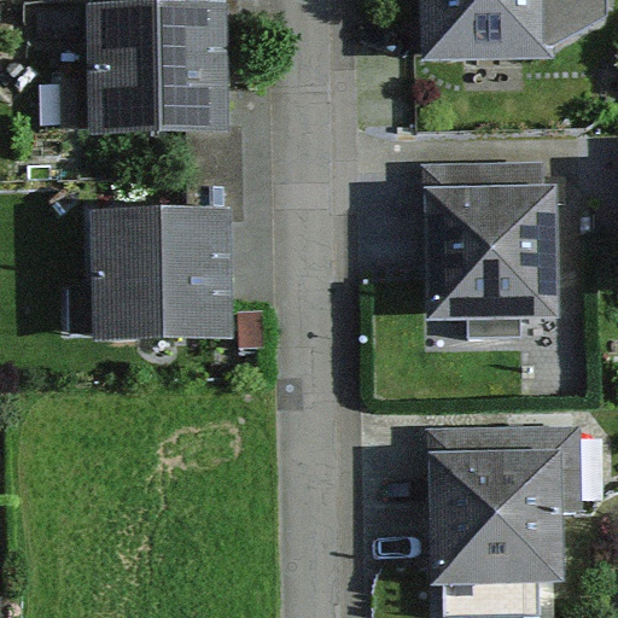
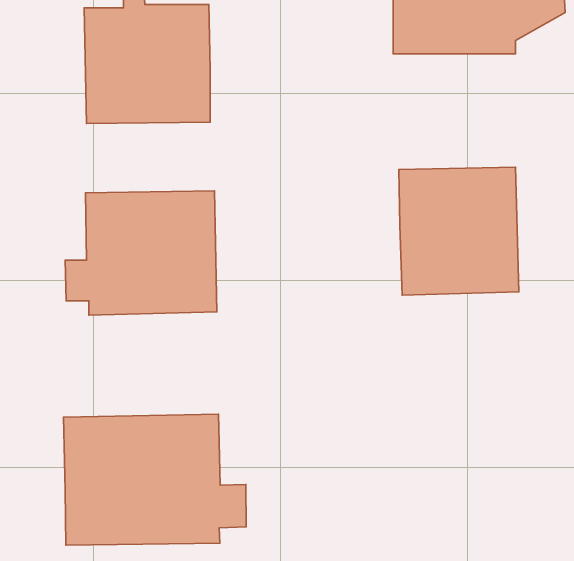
building: none -> [64,414,246,545]
building: [431,451,559,583] -> none

